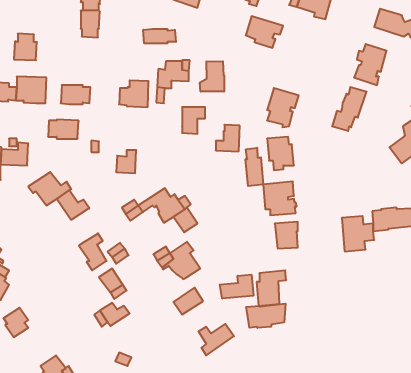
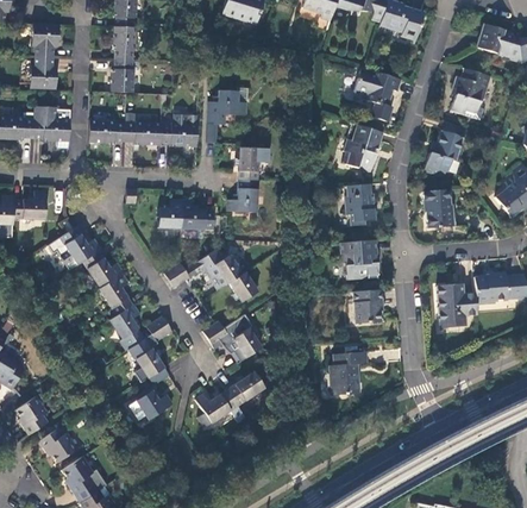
building: none -> [30,23,57,56]
building: [246,16,283,48] -> [355,67,401,106]
building: [143,29,176,43] -> none
building: none -> [109,58,134,92]
building: [200,61,224,92] -> none
building: [48,120,79,139] -> [123,120,161,144]
building: [216,125,240,151] -> [227,178,257,212]
building: none -> [424,189,454,227]
building: [246,148,263,186] -> none
building: none -> [180,200,213,230]
building: none -> [98,272,132,314]
building: [220,275,253,299] -> none
building: [246,304,286,328] -> none
building: [198,324,234,355] -> [194,389,238,428]
building: none -> [38,427,77,462]

